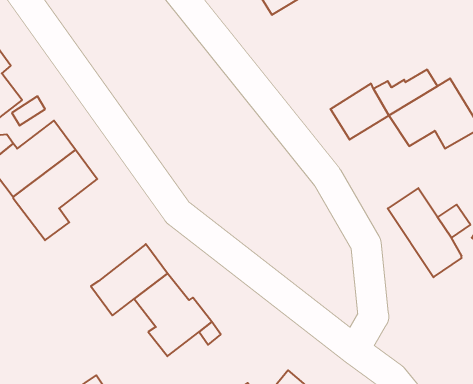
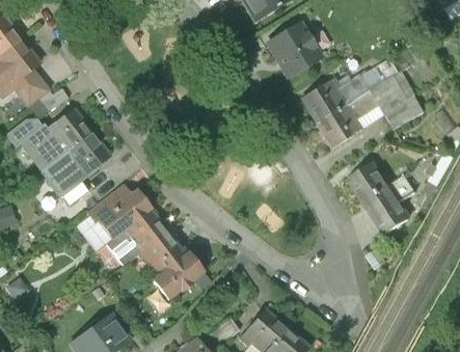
building: none -> [268,23,320,75]
building: none -> [317,102,366,146]
building: none -> [87,183,152,237]

